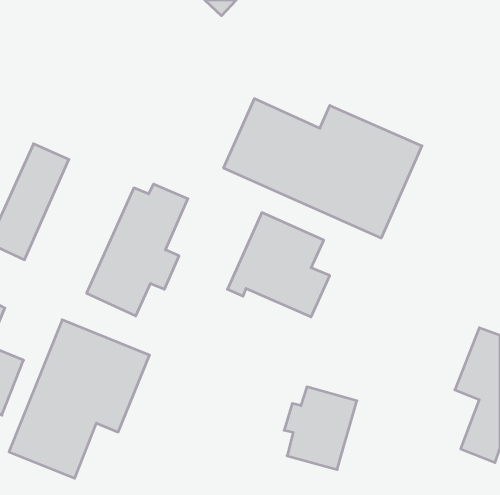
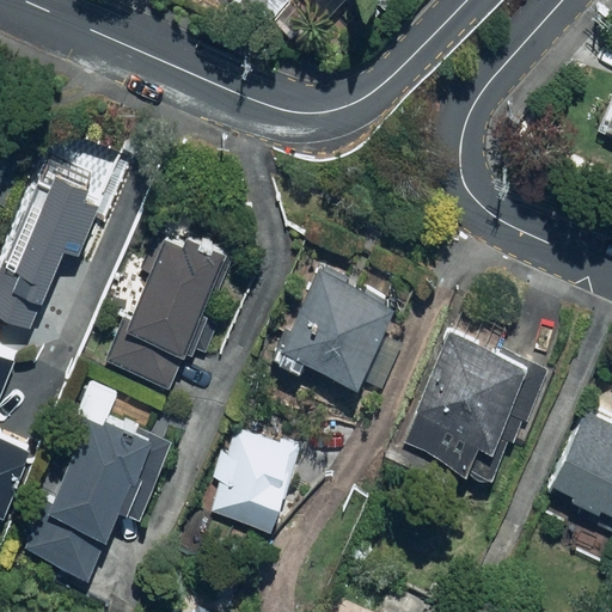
building: [224,99,422,238] -> none
building: none -> [403,330,552,482]
building: [284,387,357,470] -> [210,430,299,531]

